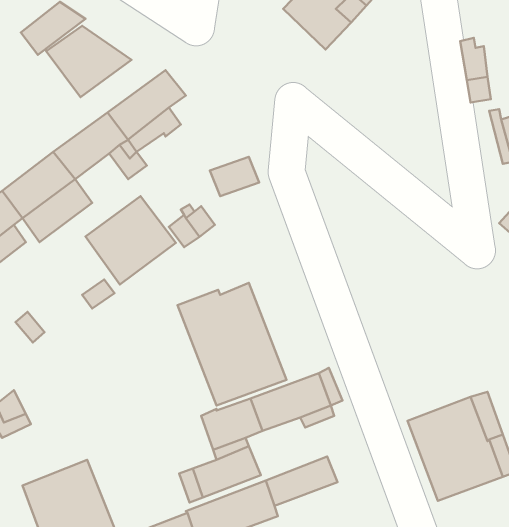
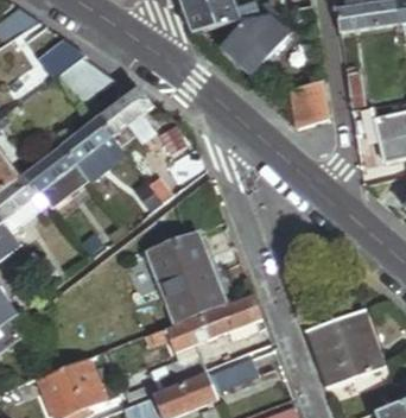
building: none -> [290,77,328,128]
building: [85,196,176,284] -> none

